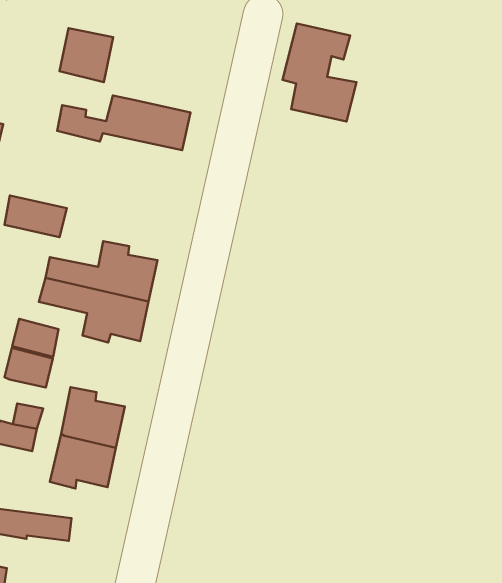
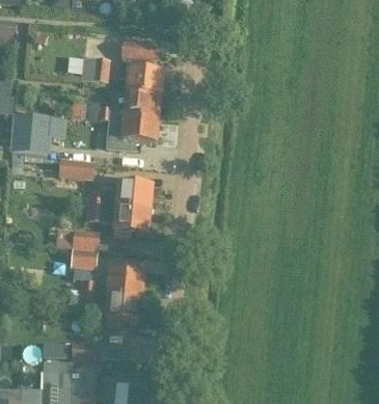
building: [283,23,357,122] -> [118,42,162,96]
building: none -> [105,114,157,151]

